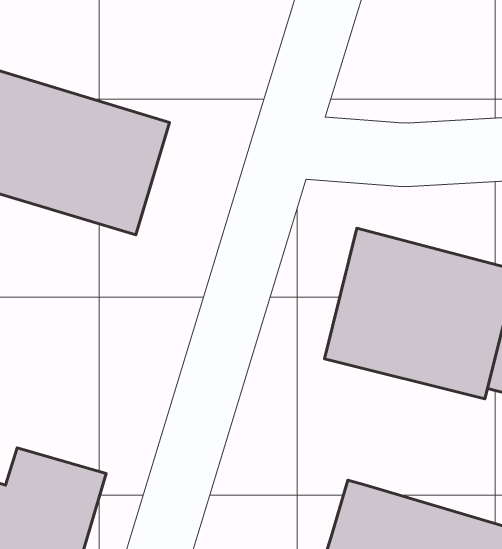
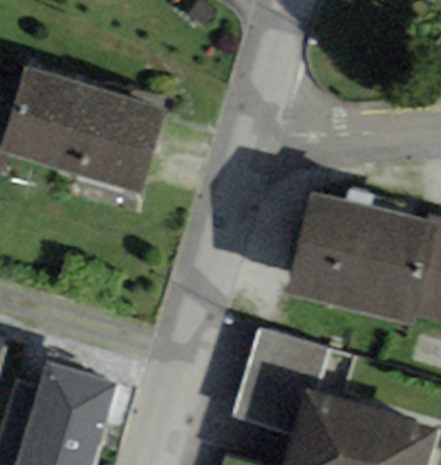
building: none -> [236,329,331,432]

